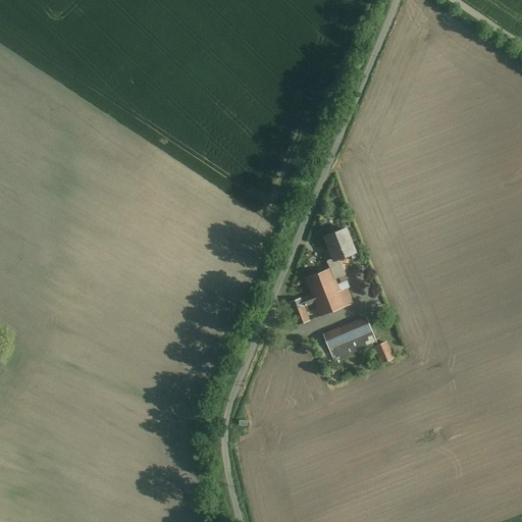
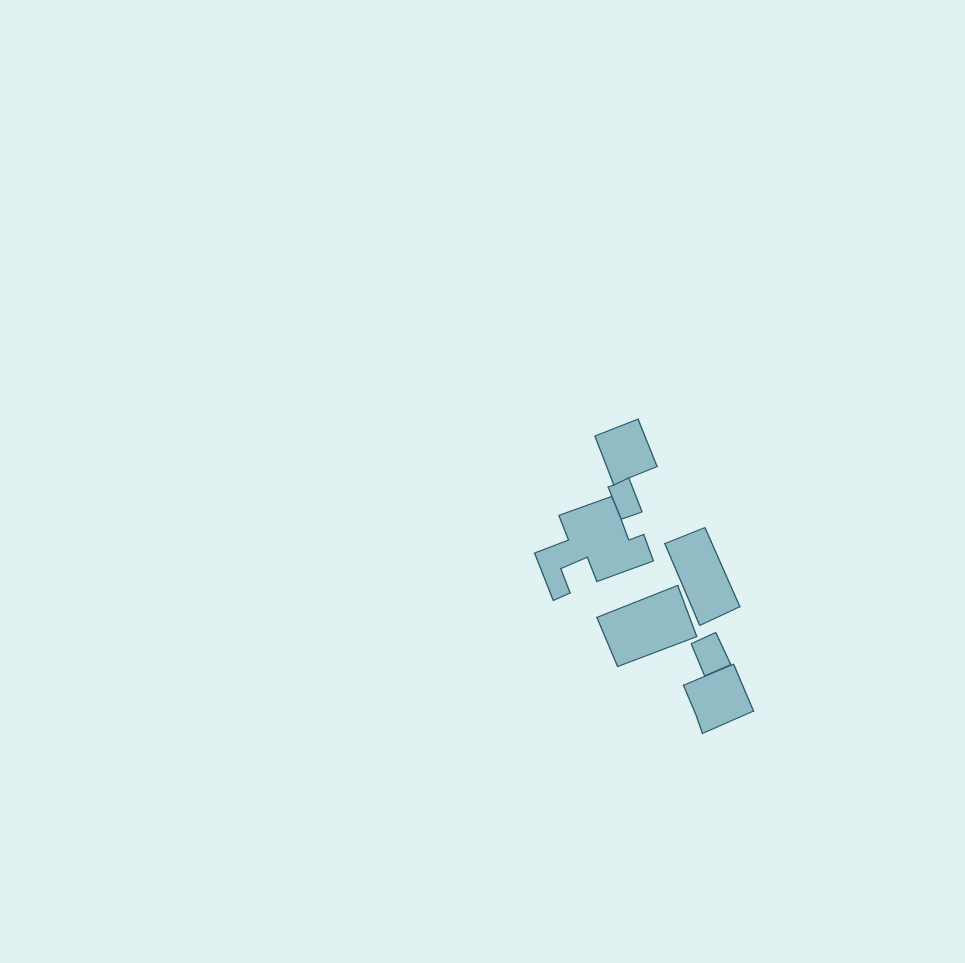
building: none -> [665,528,740,625]
building: none -> [684,664,754,734]

